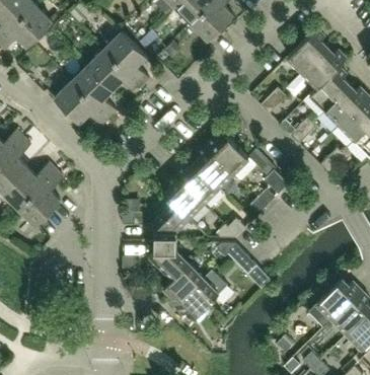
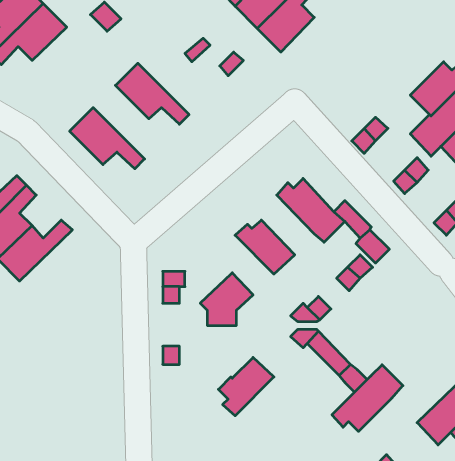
building: [288,28,327,72] -> none
building: [104,31,149,86] -> none
building: [72,65,117,119] -> none
building: [195,145,233,189] -> none
building: [18,170,64,225] -> none
building: [164,174,204,218] -> none
building: [150,240,189,279] -> none
building: [175,270,227,318] -> [332,365,403,431]

